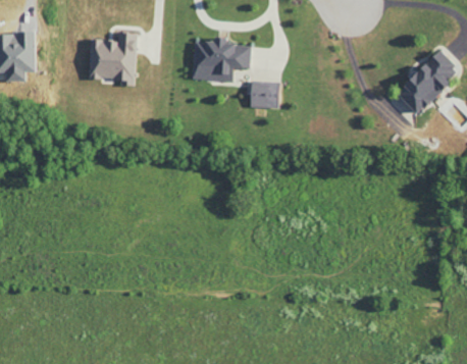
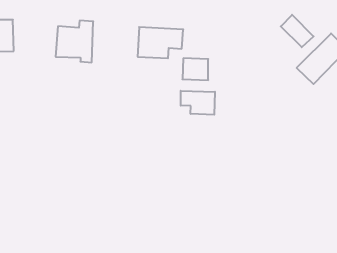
building: none -> [281,15,314,47]
building: none -> [181,91,215,115]

